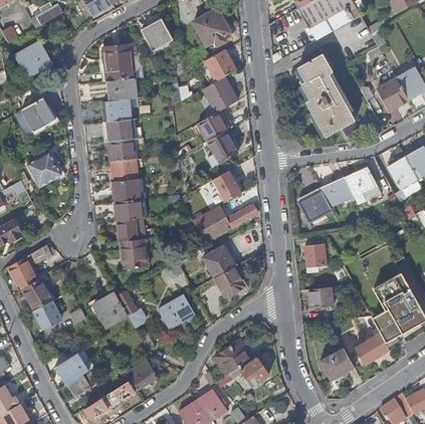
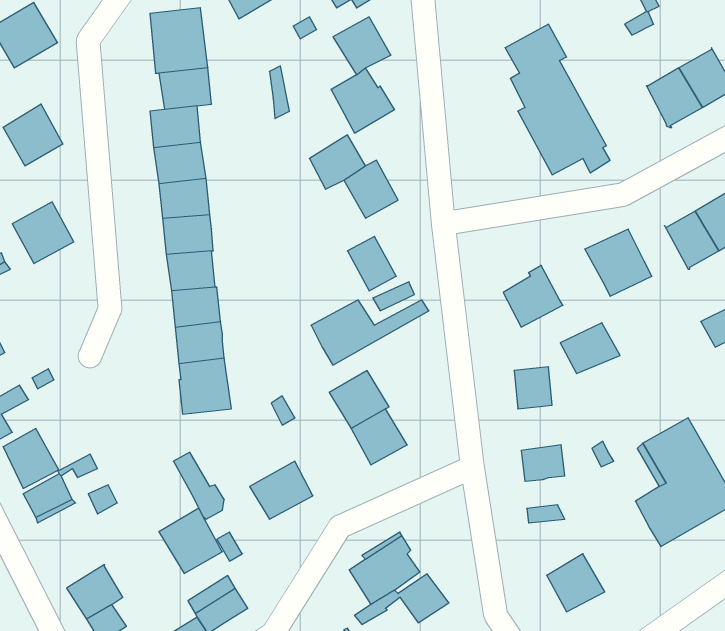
building: [321,178,354,206] -> [560,323,620,374]
building: [91,291,127,328] -> [159,508,222,573]
building: [355,333,390,364] -> none

